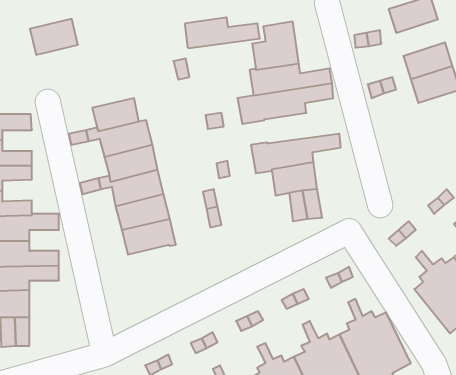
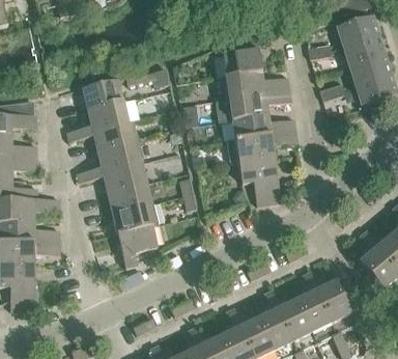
building: [185,17,260,48] -> [232,113,295,139]
building: [30,19,78,55] -> [82,79,122,109]
building: none -> [343,34,385,65]
building: none -> [117,224,157,267]

